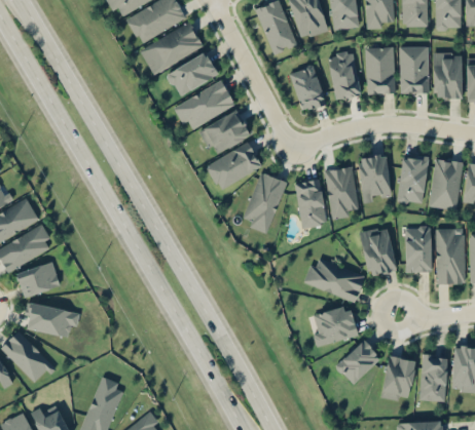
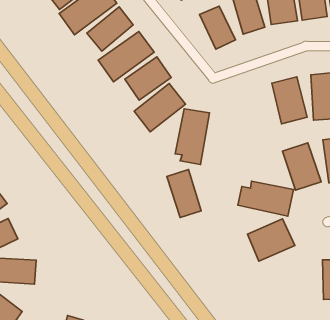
building: [324,166,360,219] -> none
building: [294,179,326,229] -> [167,170,201,217]
building: [335,339,380,384] -> none

